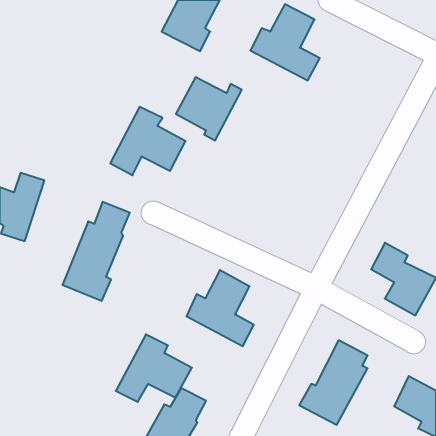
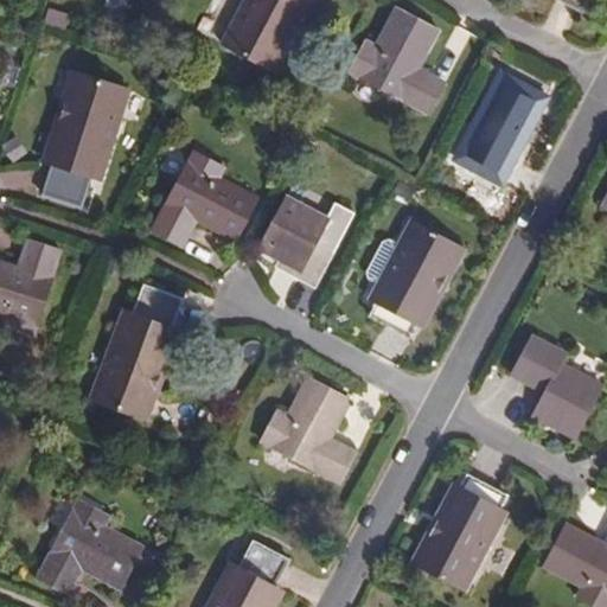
building: none -> [46,69,133,204]
building: none -> [455,76,541,178]
building: [176,77,242,140] -> [257,198,349,286]
building: none -> [365,219,461,336]
building: [116,334,192,402] -> [36,501,141,595]

